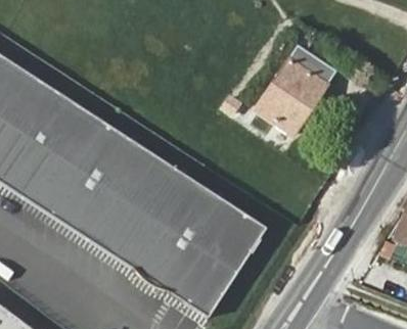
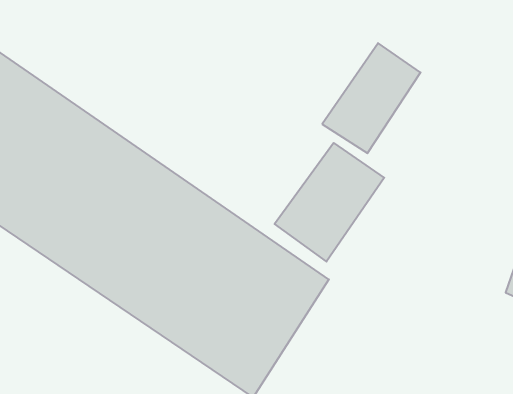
building: none -> [275,143,384,262]

